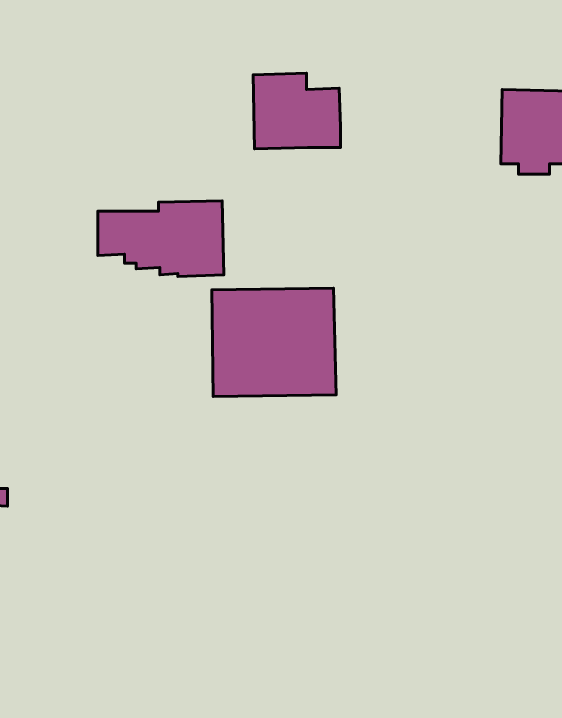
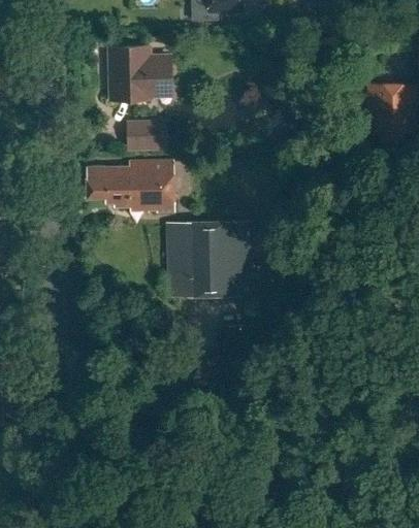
building: [253,73,341,149] -> [110,46,171,99]
building: none -> [126,119,167,151]

